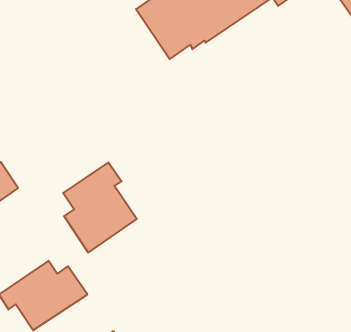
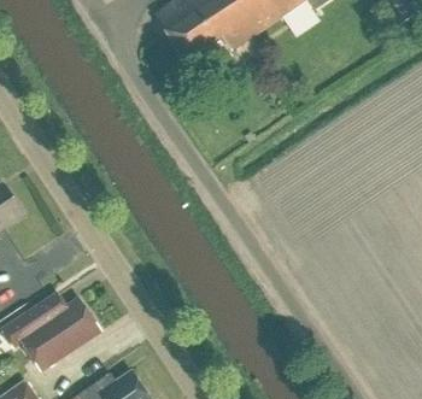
building: [63,162,137,253] -> none

